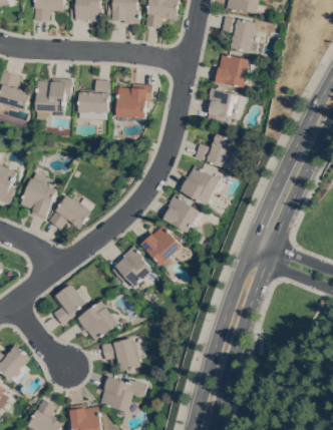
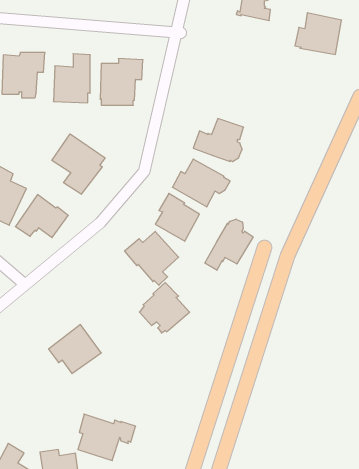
building: [211,53,249,87] -> [295,13,342,54]
building: [206,86,245,121] -> none
building: none -> [52,134,105,194]
building: none -> [205,219,253,270]
building: [111,246,152,287] -> [139,283,190,333]
building: [53,284,90,325] -> none
building: [101,337,139,371] -> none

